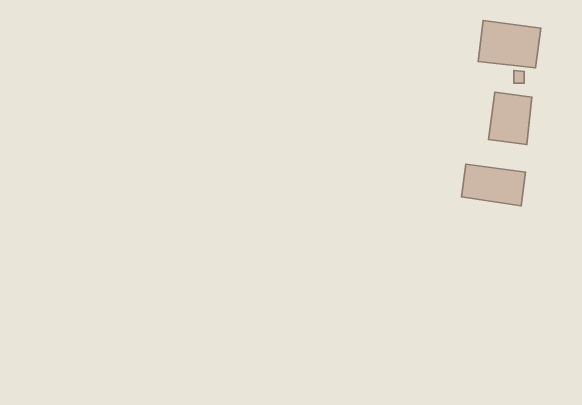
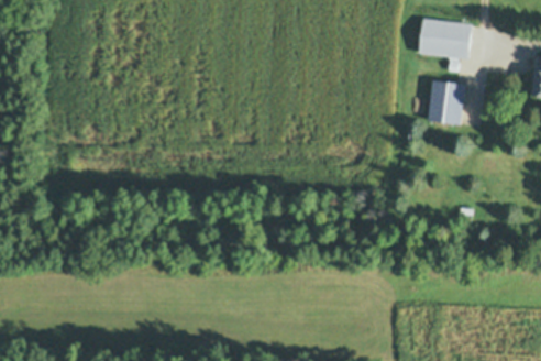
building: [462,164,526,206] -> none

